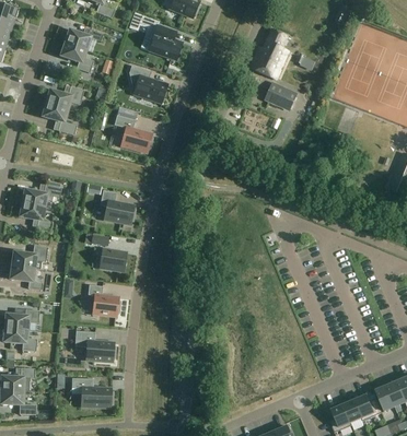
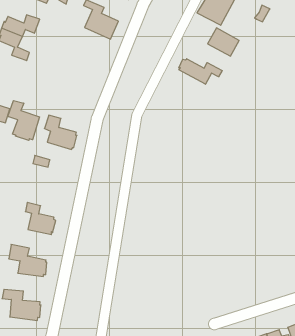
building: [114,114,152,151] -> none
building: none -> [179,59,222,84]
building: none -> [8,101,40,140]
building: [100,247,127,270] -> none

